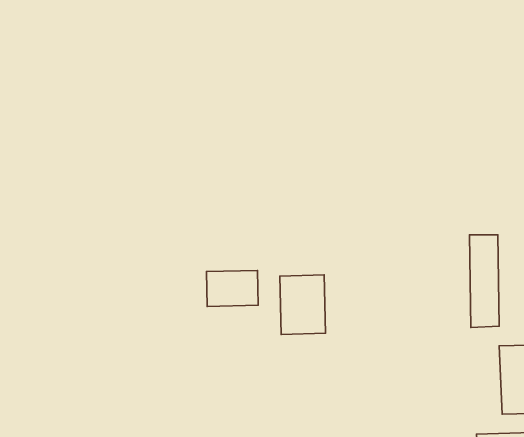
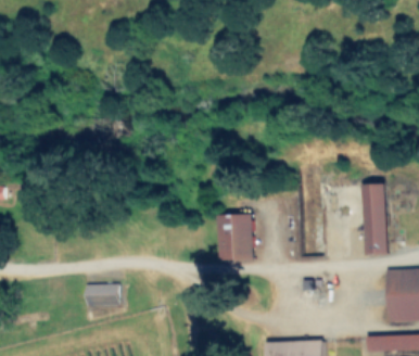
building: [206,270,258,307] -> none
building: none -> [85,283,118,306]

